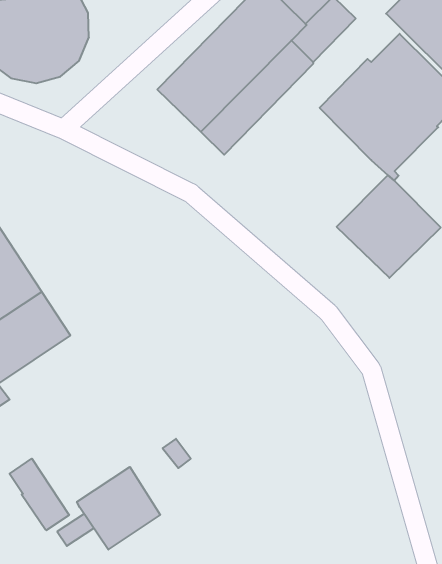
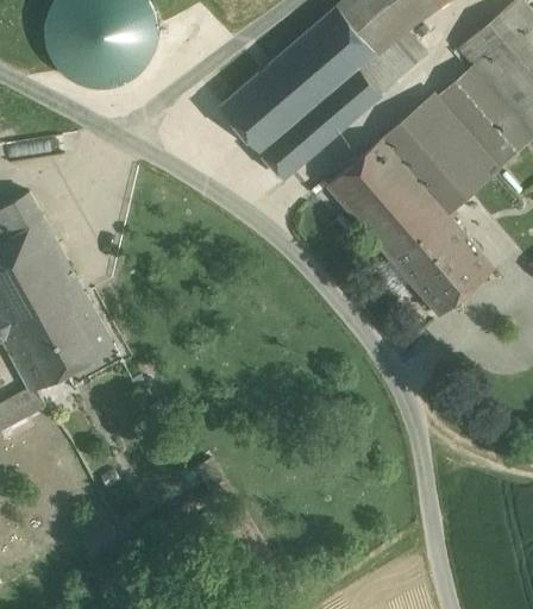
building: none -> [327,138,446,259]
building: [10,459,69,530] -> none
building: [77,467,160,550] -> none

